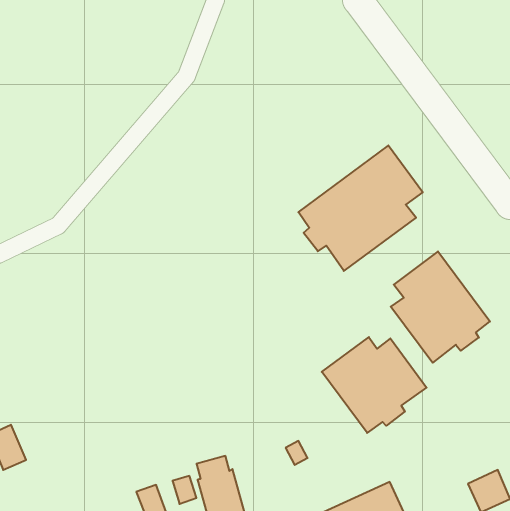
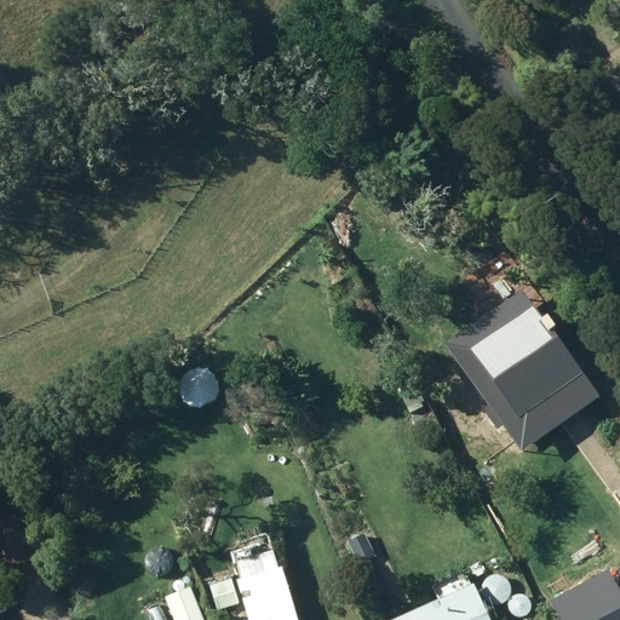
building: [298,145,423,271] -> none
building: [322,337,427,433] -> none

